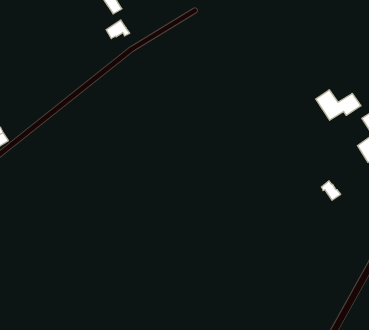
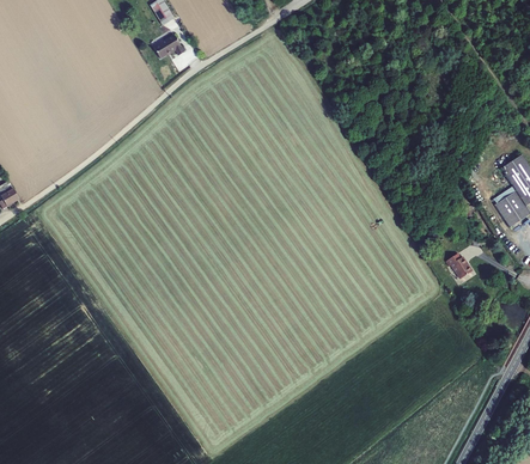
building: [316,90,361,120] -> none

